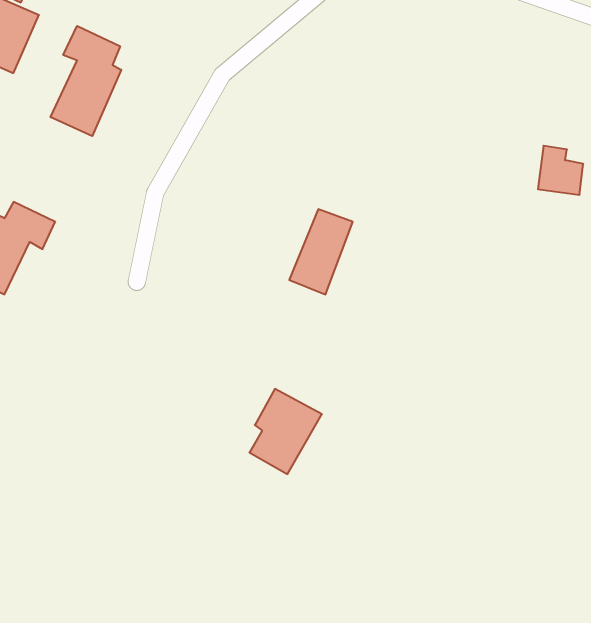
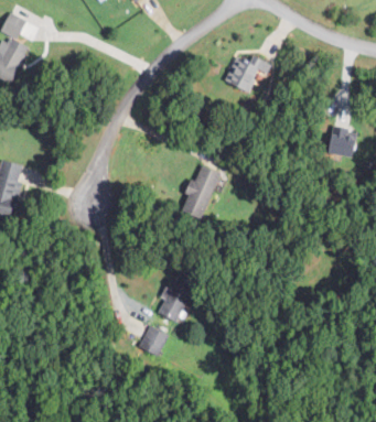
building: [51,26,121,136] -> none
building: none -> [225,54,267,93]
building: none -> [139,325,168,356]

